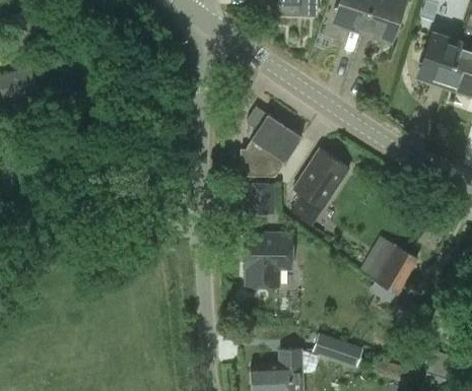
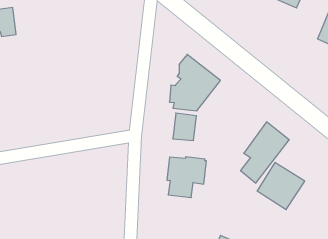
building: [292,148,350,226] -> [241,122,289,183]

